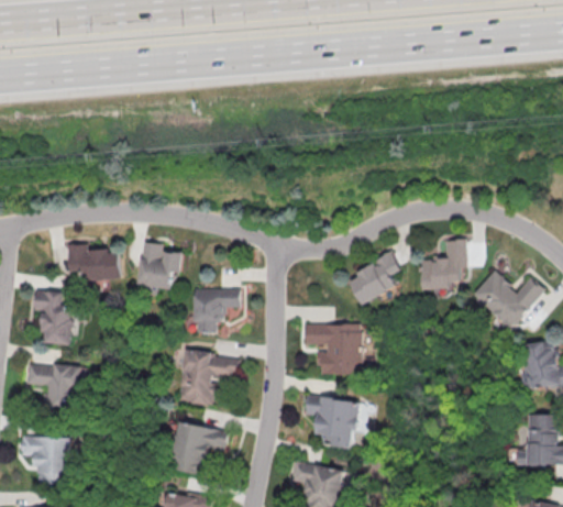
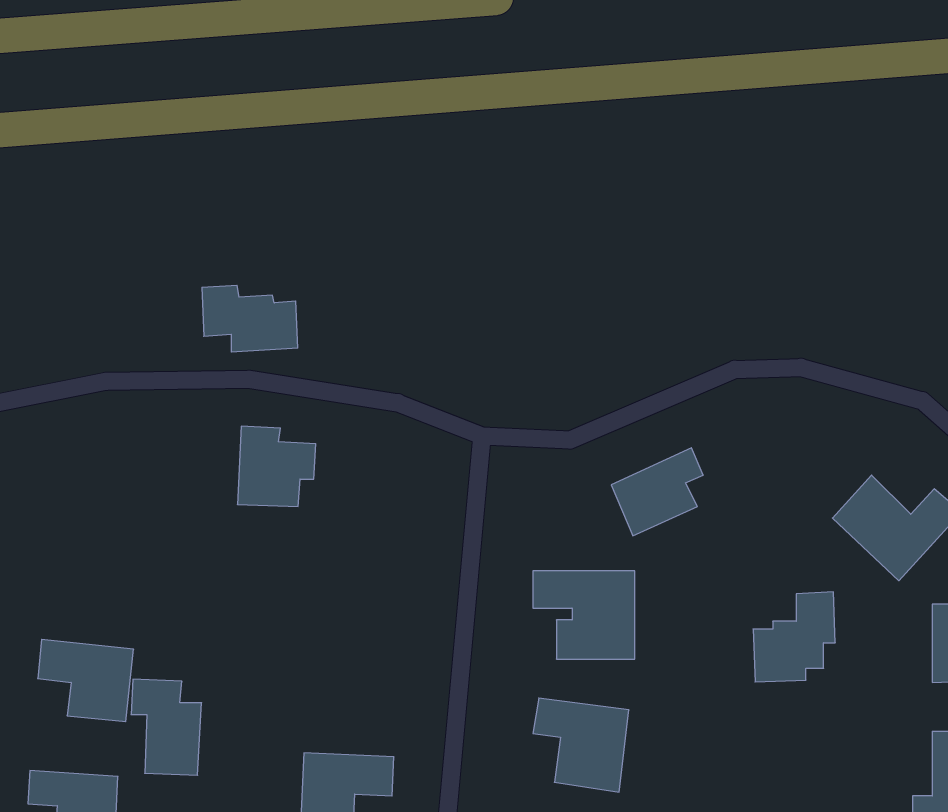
building: [420,239,466,289] -> [753,592,835,682]
building: [66,243,120,280] -> [202,285,298,352]
building: [194,288,239,332] -> none
building: [33,290,73,344] -> [131,679,202,775]
building: [176,350,236,406] -> none

